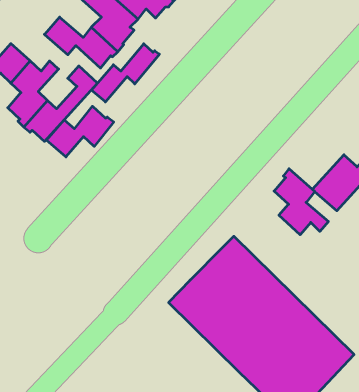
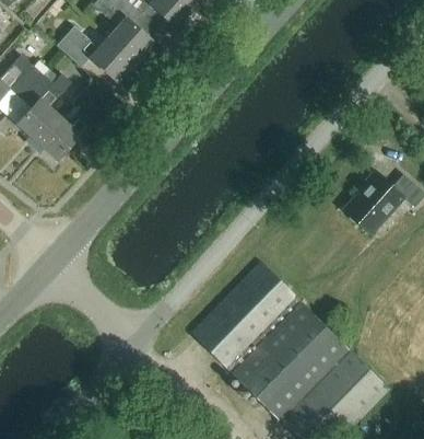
building: [92,44,159,102] -> none
building: [46,106,114,157] -> none
building: [274,169,328,235] -> none

